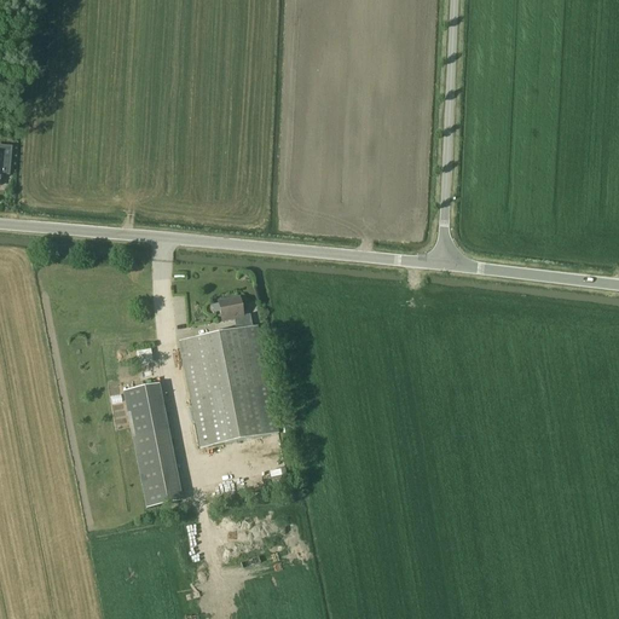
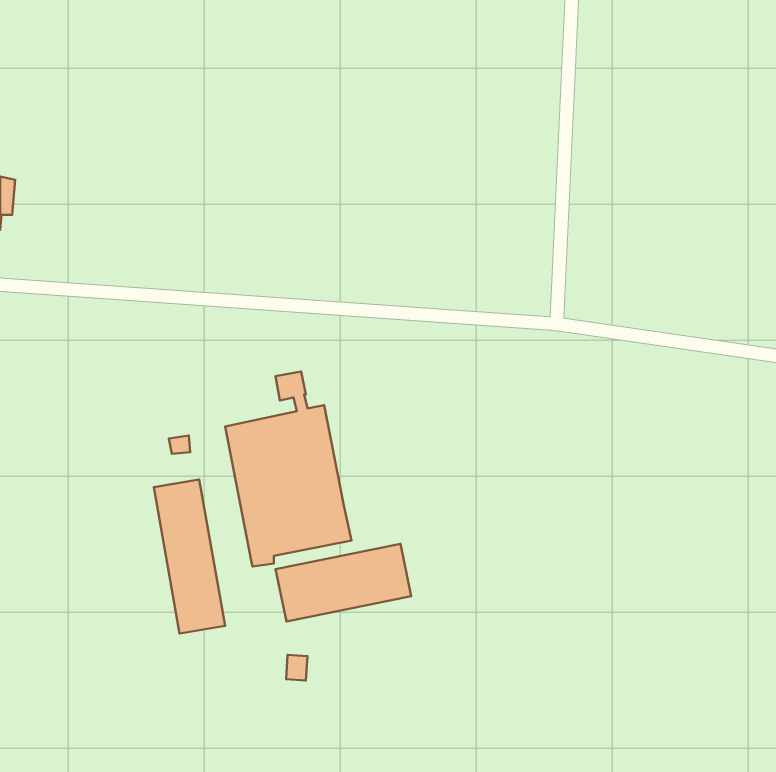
building: none -> [275,544,411,621]

